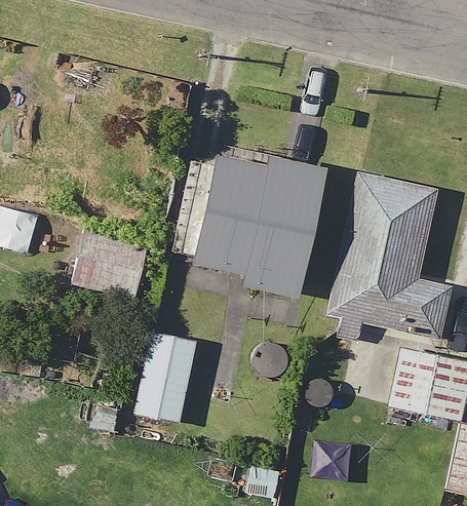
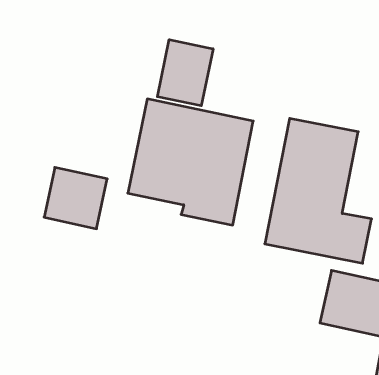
building: none -> [157,40,213,106]
building: [135,333,198,424] -> none

